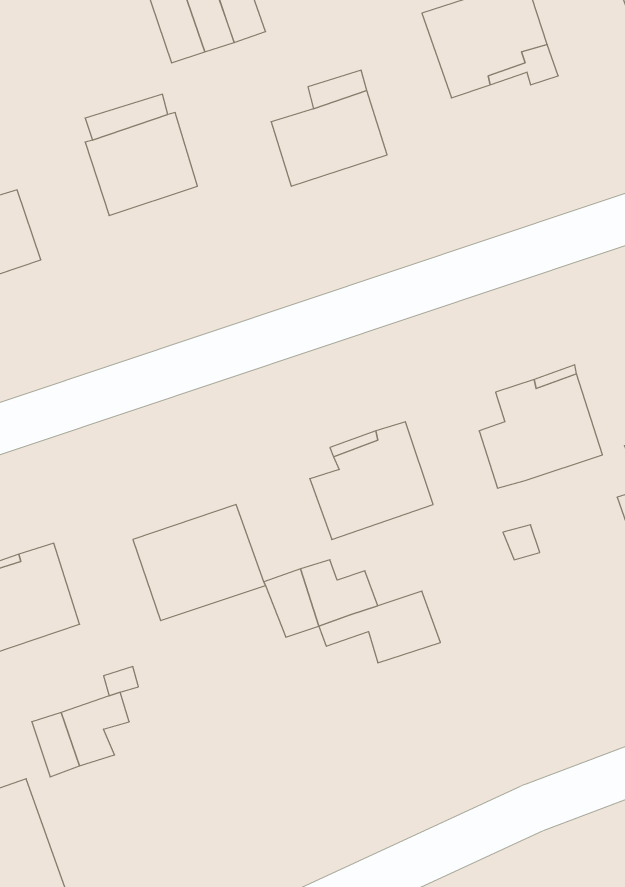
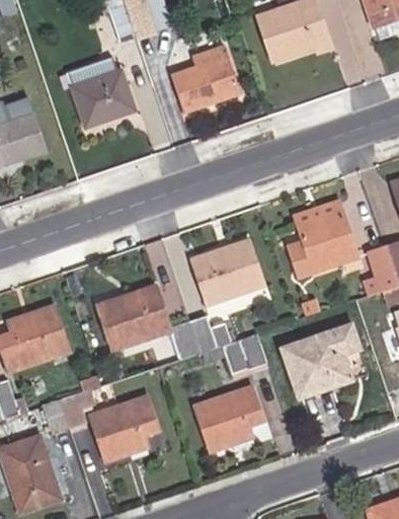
building: none -> [282,323,358,396]
building: none -> [191,383,261,449]
building: none -> [91,395,156,460]

